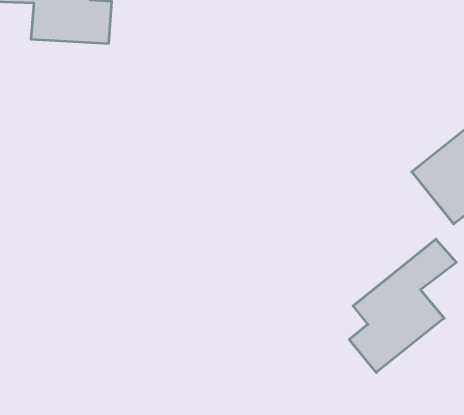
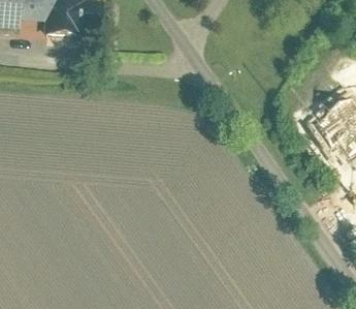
building: [349,239,456,373] -> none

